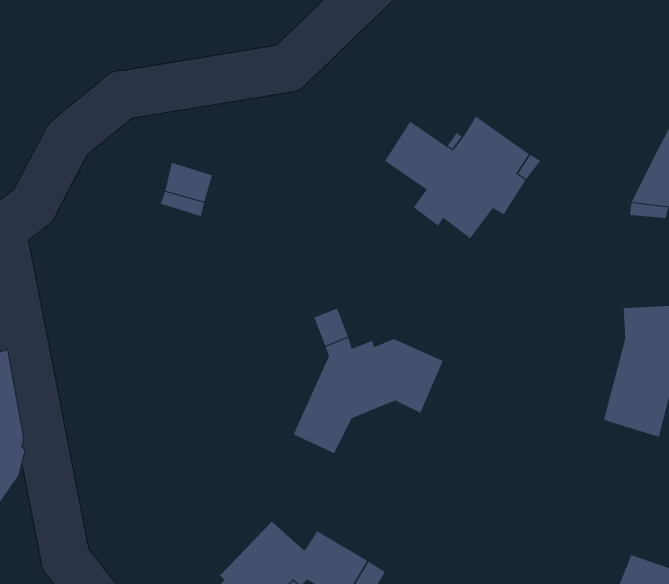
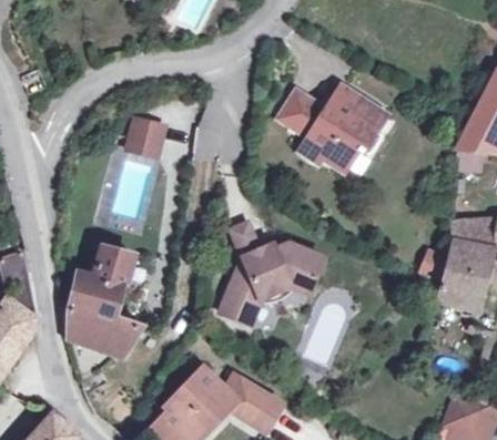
building: none -> [67,248,143,356]

